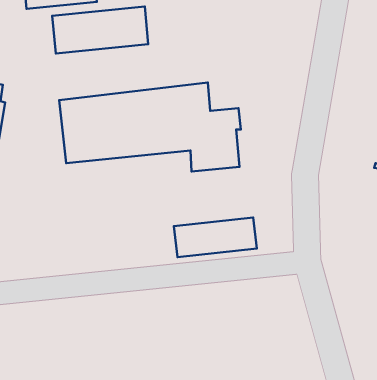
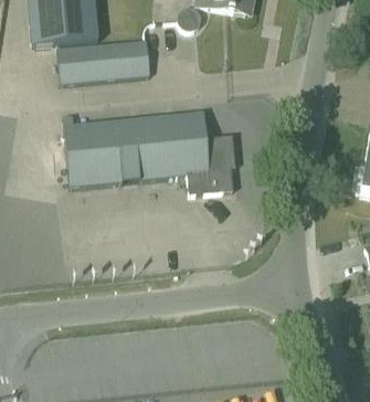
building: [174,217,257,257] -> none

